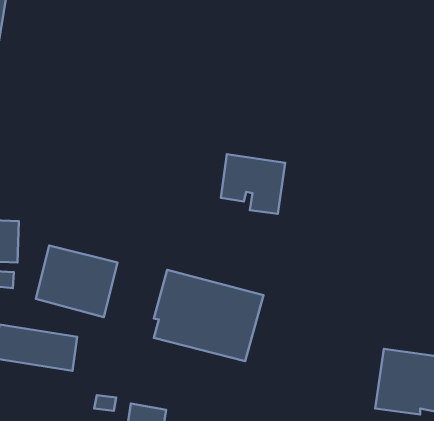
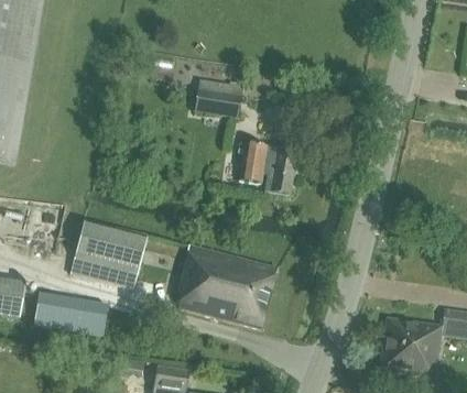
building: none -> [194,78,242,116]

